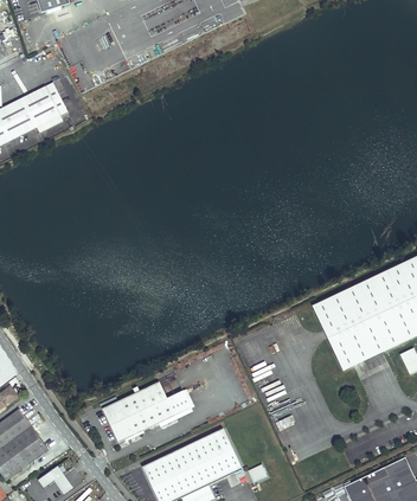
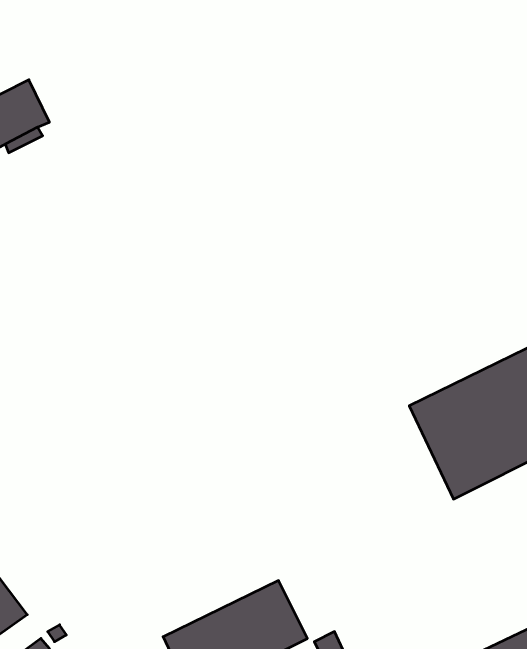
building: [103,381,191,442] -> none

